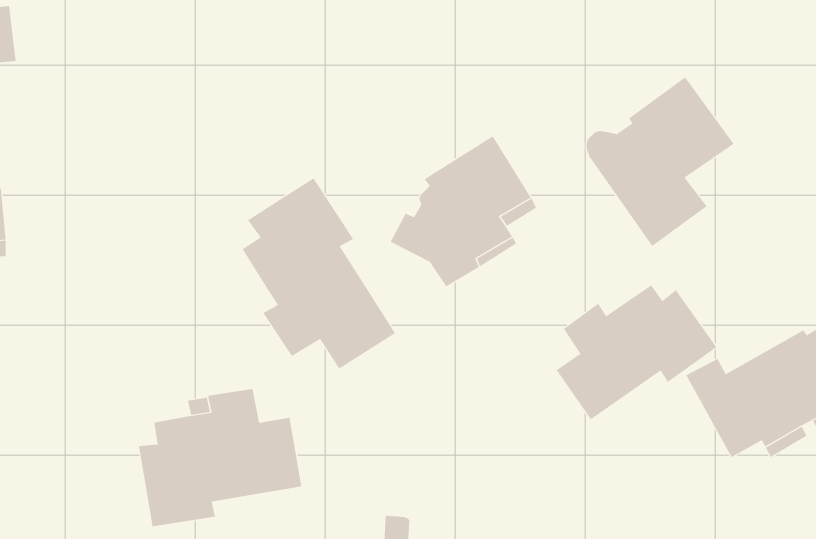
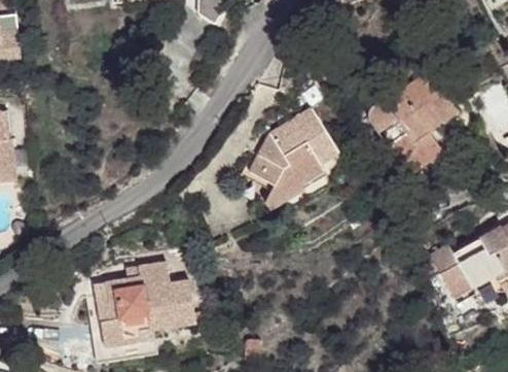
building: [242,177,396,369] -> none
building: [556,285,717,420] -> none

